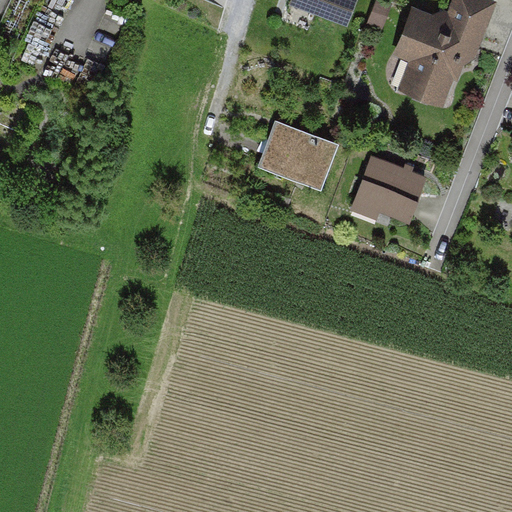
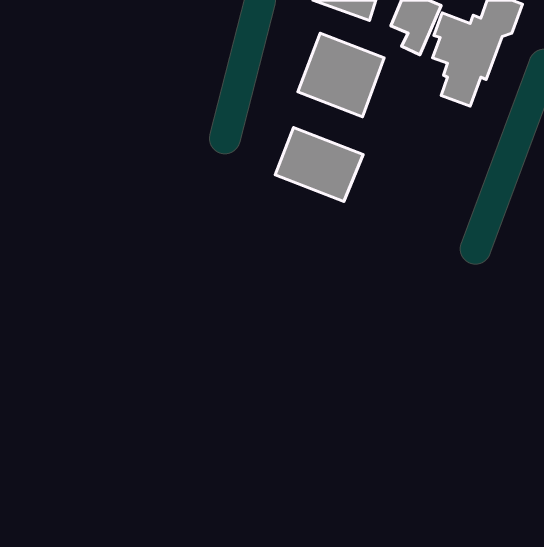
building: none -> [298,33,384,117]
building: [354,158,425,226] -> none

